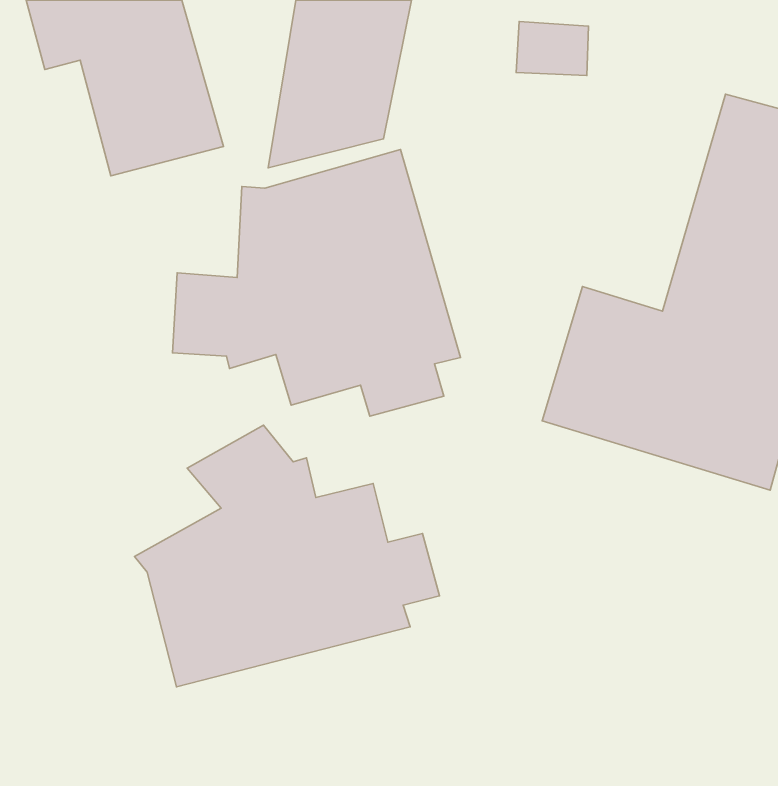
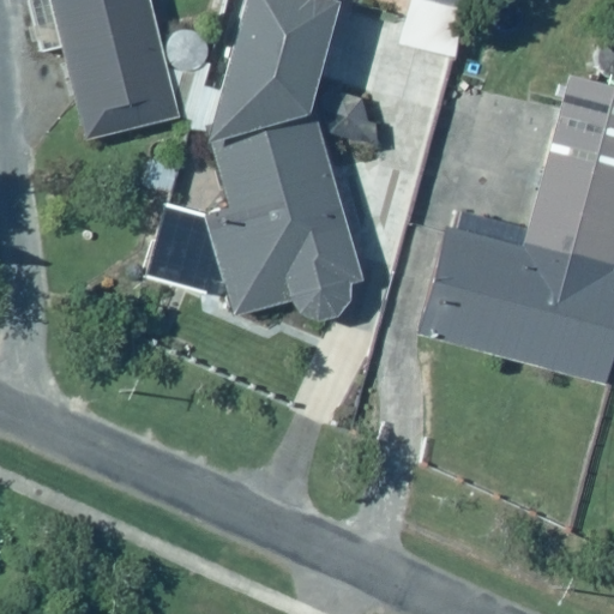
building: [134,425,439,687] -> none

